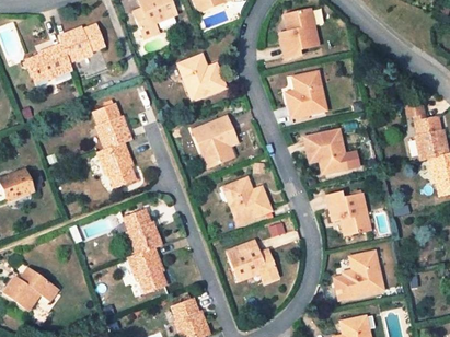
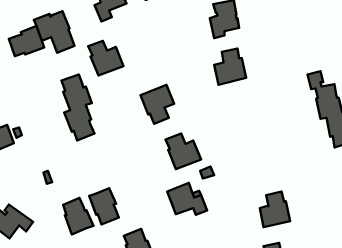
building: [180,56,224,100] -> [88,41,124,76]
building: [304,129,345,172] -> none
building: [326,193,370,234] -> none
building: [124,209,162,255] -> [63,198,94,234]

